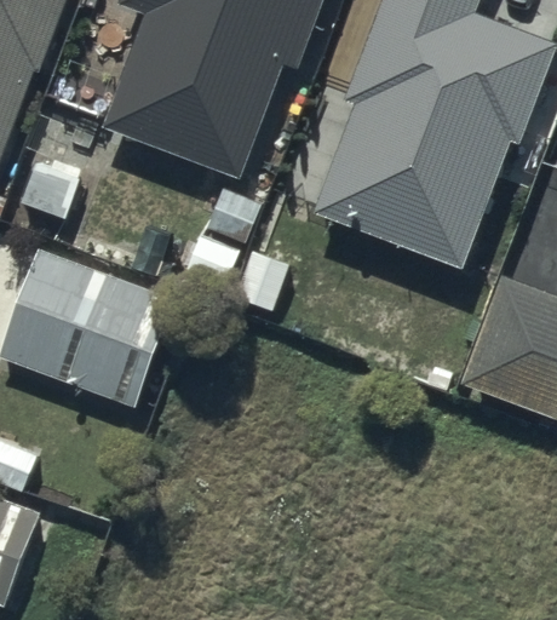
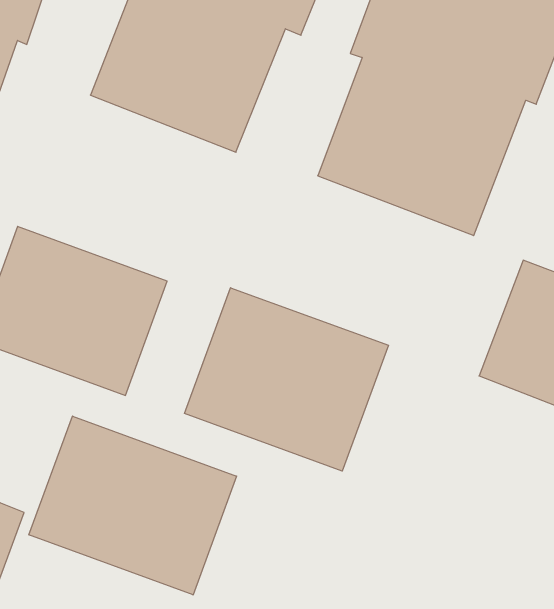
building: none -> [185,288,388,471]
building: none -> [29,416,237,595]

